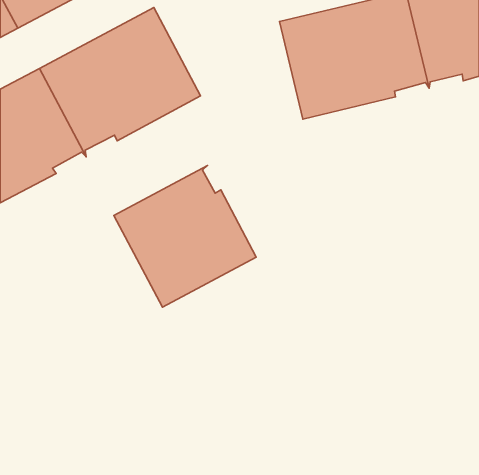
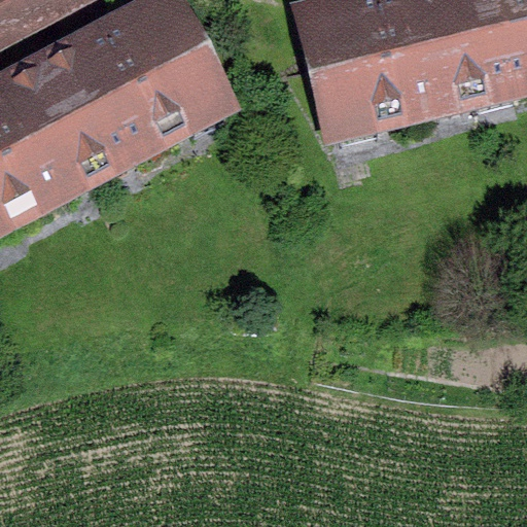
building: [114,166,256,307] -> none

